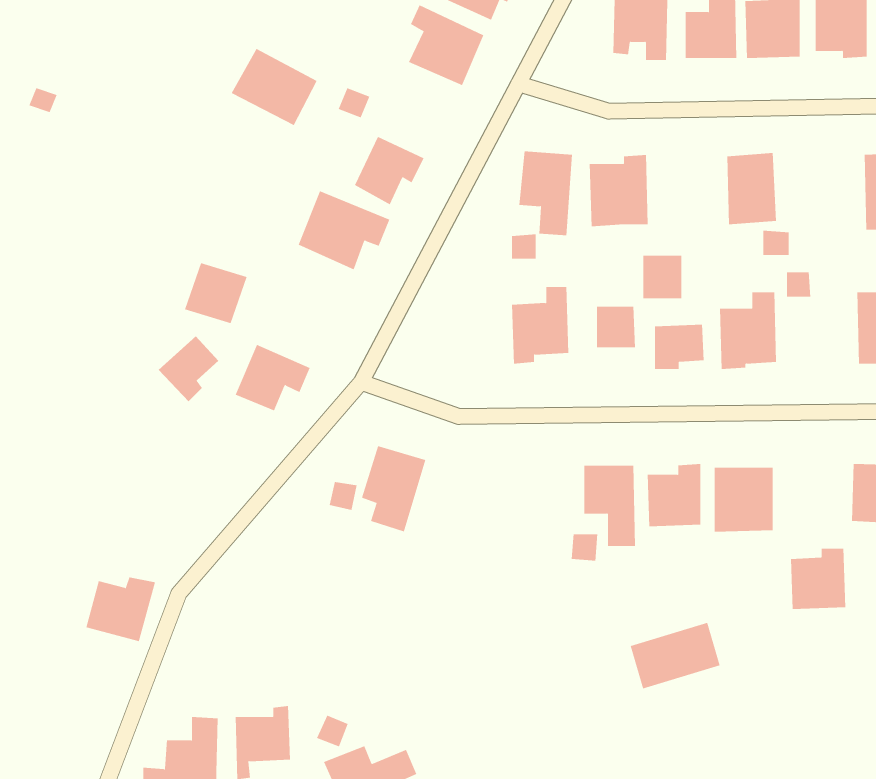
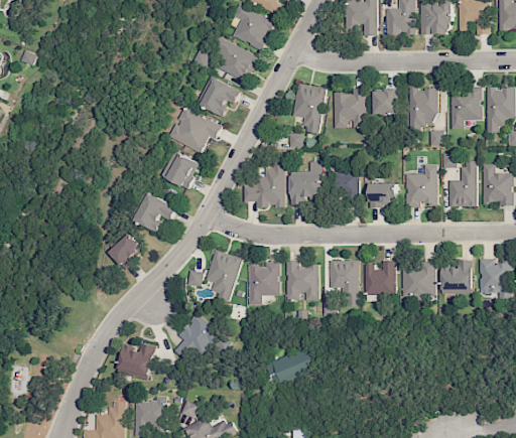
building: [231,48,318,126] -> [211,39,259,83]
building: none -> [449,88,481,129]
building: [642,255,682,299] -> [374,90,396,114]
building: [184,262,247,324] -> [163,152,199,186]
building: none -> [447,160,477,206]
building: none -> [244,164,285,206]
building: [158,335,219,402] -> [108,233,142,270]
building: none -> [248,261,280,304]
building: none -> [286,261,318,300]
building: [790,548,846,609] -> [441,260,473,294]
building: none -> [174,313,221,359]
building: [85,577,156,642] -> [117,342,156,379]
building: [630,622,720,689] -> [265,348,315,386]

